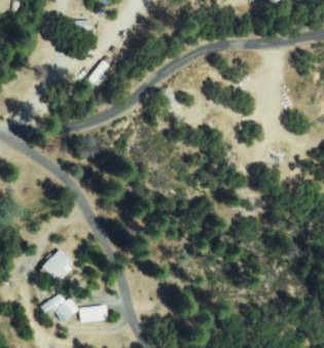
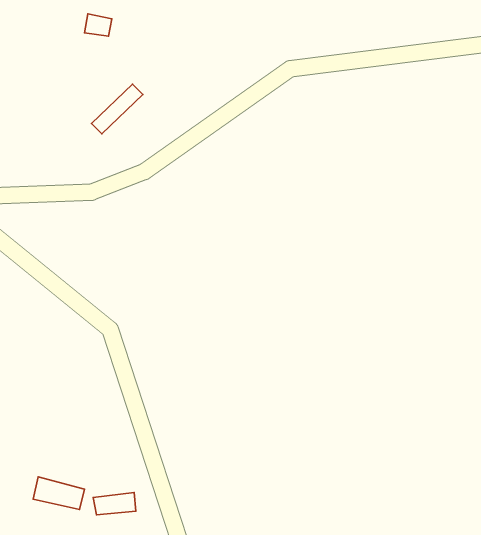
building: [42,248,73,280] -> none

